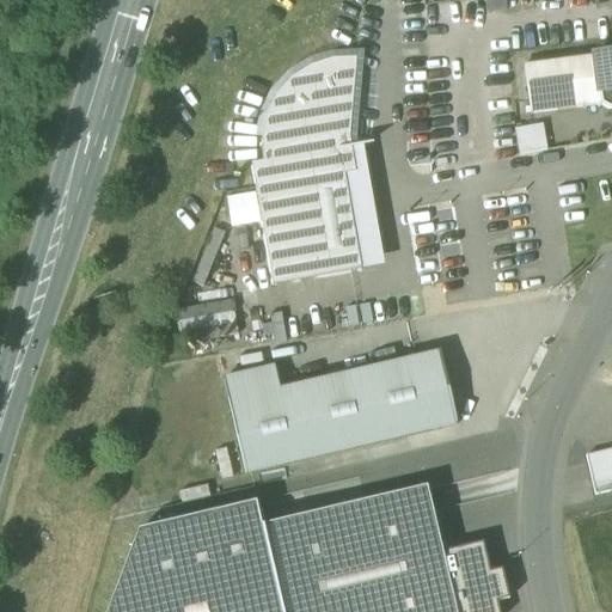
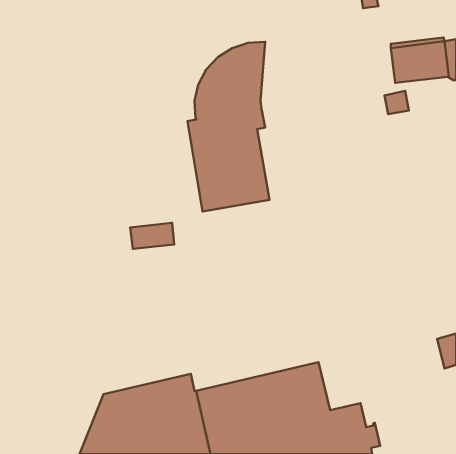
building: [344,145,384,268] -> none
building: [224,350,458,472] -> none

